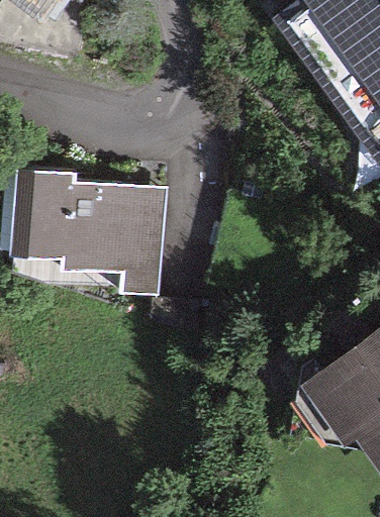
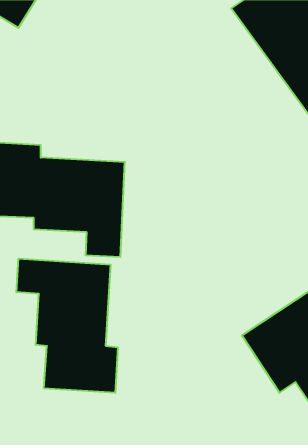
building: none -> [16,259,118,393]

